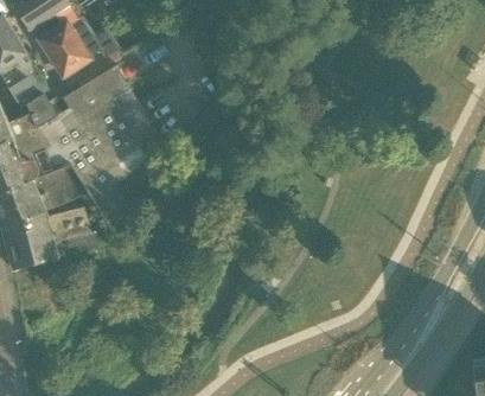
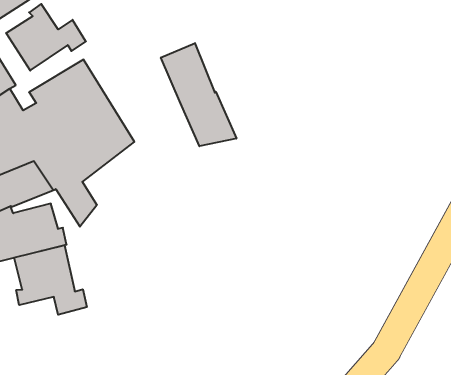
building: none -> [161,43,236,146]
building: none -> [14,245,87,315]

